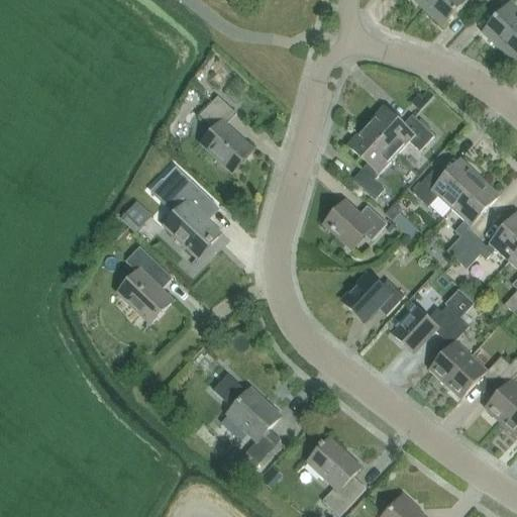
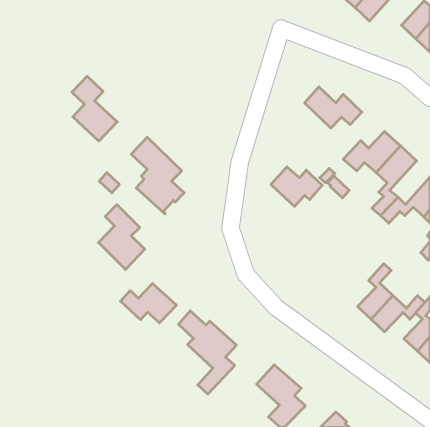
building: [200,94,254,172] -> [72,76,117,141]
building: [347,123,397,198] -> none
building: [343,276,405,320] -> none
building: [394,304,460,352] -> none
building: none -> [120,283,176,323]

